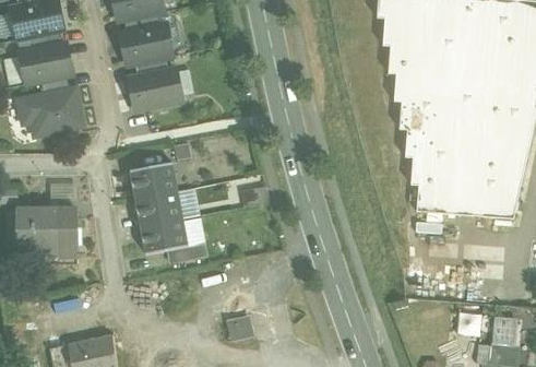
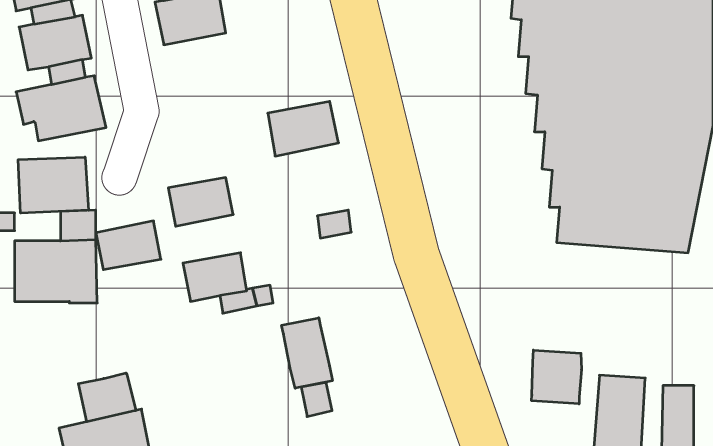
building: [129,70,181,110] -> [268,101,339,156]
building: none -> [18,157,89,213]
building: [135,190,183,226] -> [96,221,161,270]
building: none -> [282,318,332,388]
building: none -> [532,350,581,404]
building: none -> [78,373,136,422]

